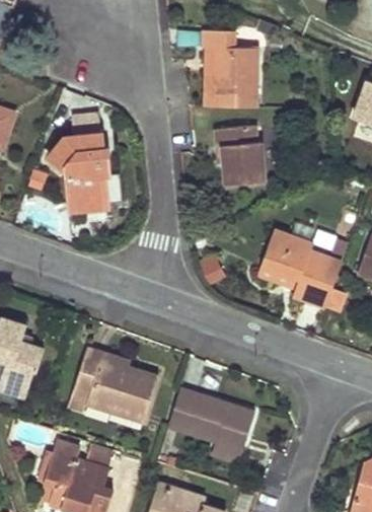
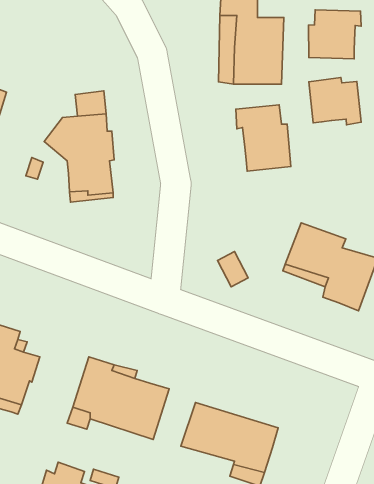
building: none -> [309,10,361,59]
building: none -> [309,77,361,125]

